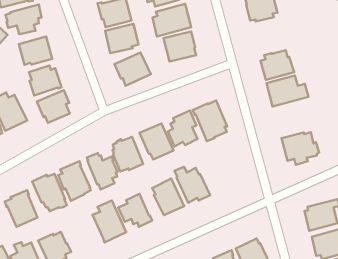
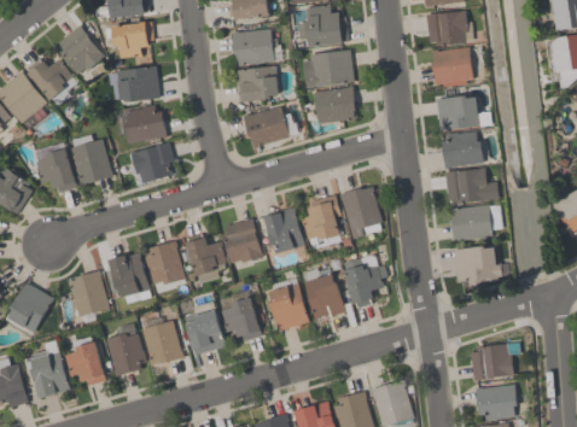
building: none -> [437,95,493,130]
building: none -> [450,204,502,241]
building: none -> [344,255,387,309]
building: none -> [142,320,183,365]

